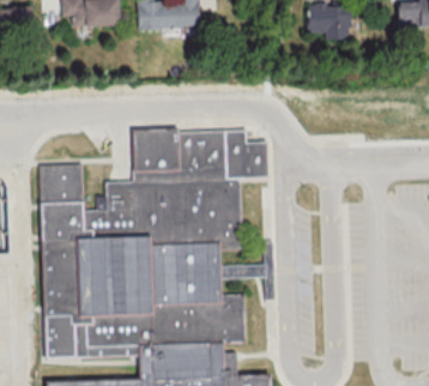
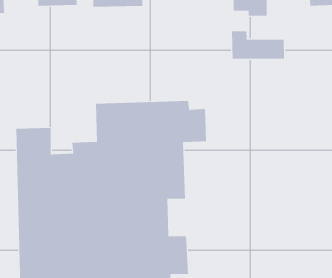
building: none -> [232,31,285,60]

